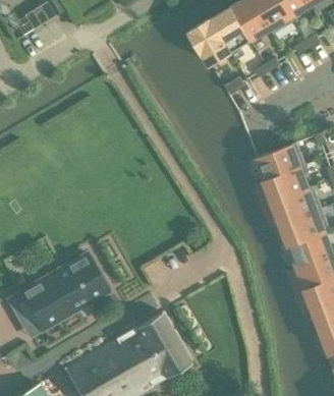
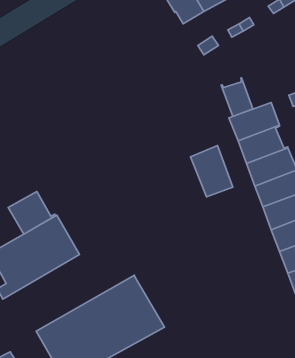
building: none -> [221,78,253,117]
building: none -> [191,146,233,197]
building: none -> [8,192,55,234]

